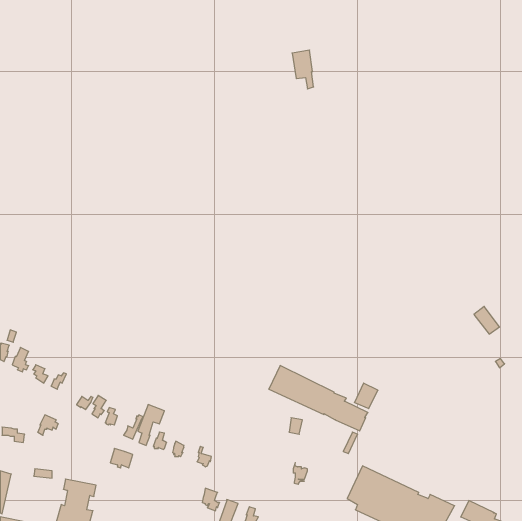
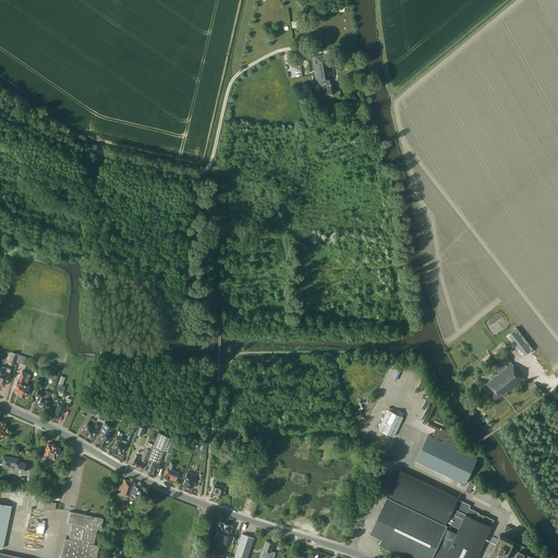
building: none -> [486,353,525,402]
building: [269,366,368,431] -> [388,471,494,541]
building: none -> [416,436,477,484]

